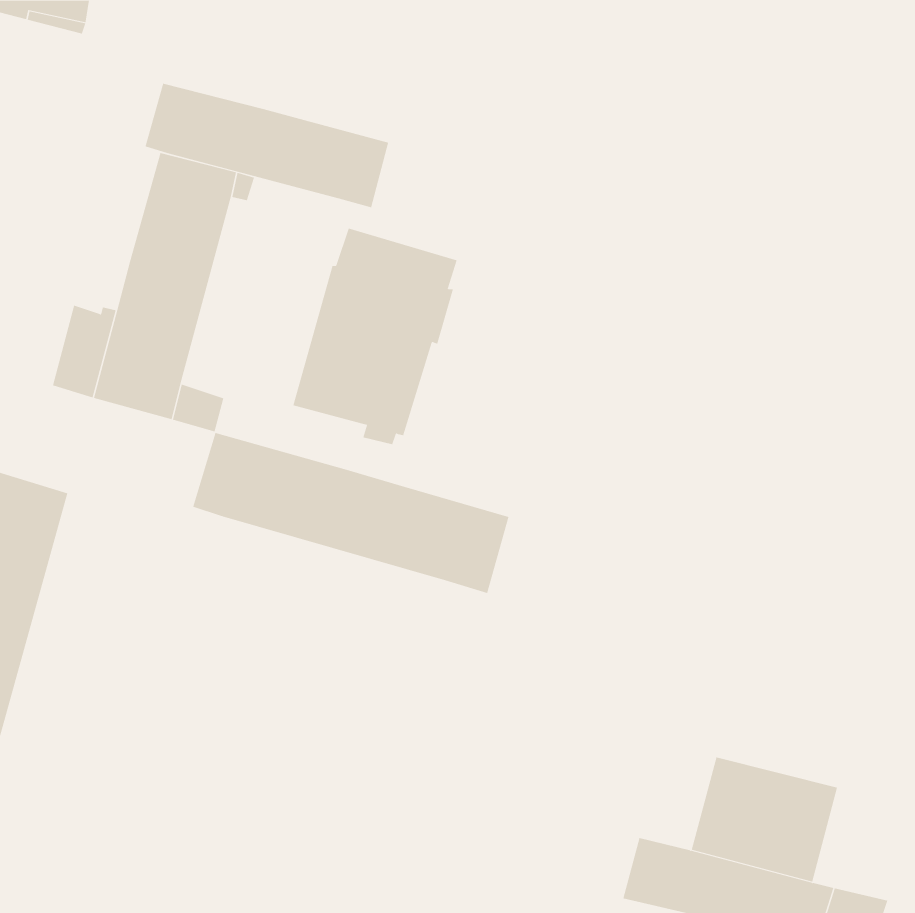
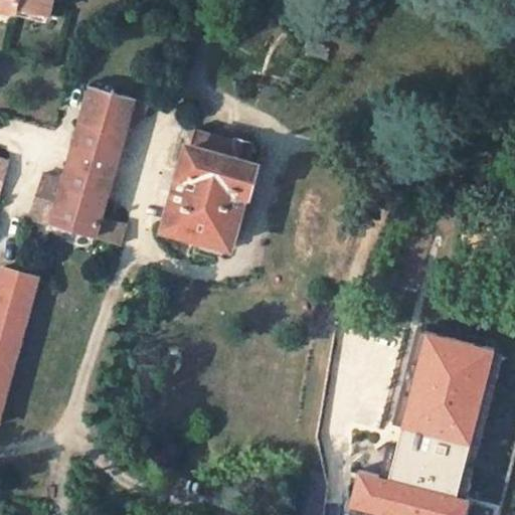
building: [145,83,389,208] -> none
building: [193,432,509,594] -> none
building: none -> [401,332,494,444]

